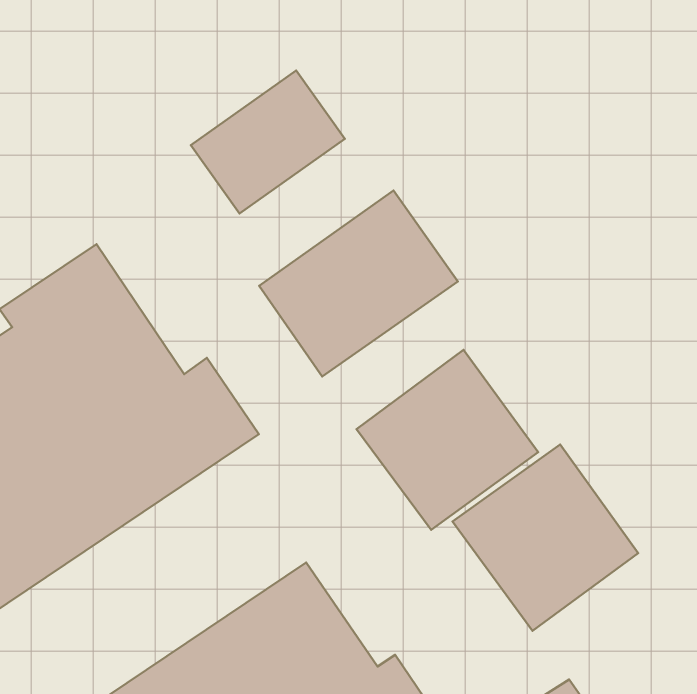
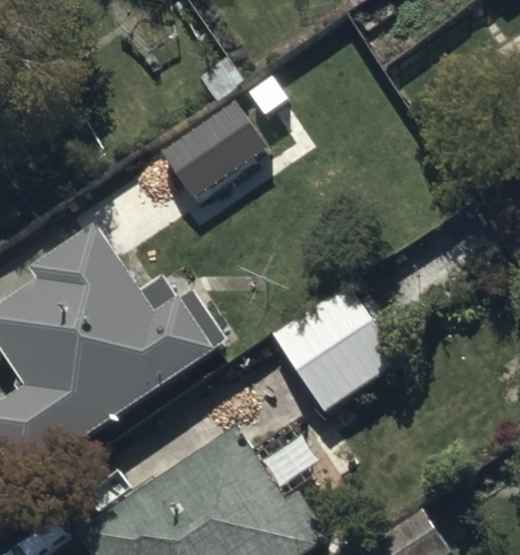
building: [259,190,458,376] -> none
building: [453,444,638,631] -> none

